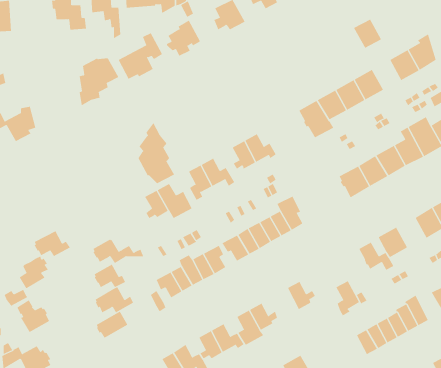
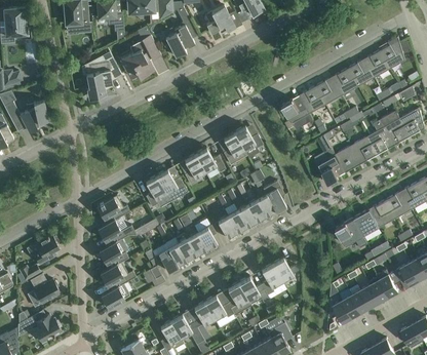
building: [353,19,382,49] -> [347,60,373,86]
building: [138,122,175,185] -> none
building: none -> [368,200,395,227]
building: [34,230,71,257] -> [96,195,129,219]
building: [336,280,360,316] -> [260,263,281,294]

